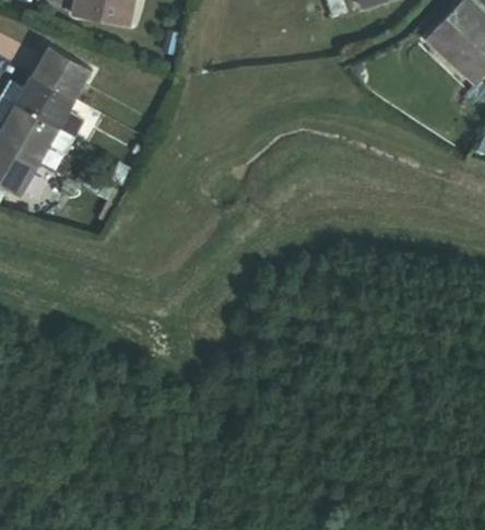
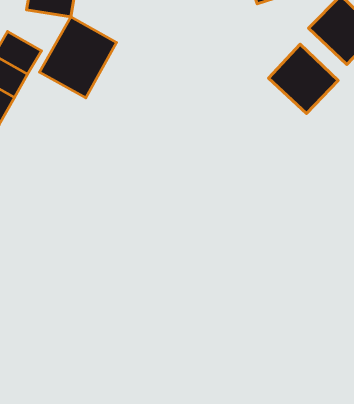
building: none -> [40,17,116,98]
building: none -> [268,44,338,114]

